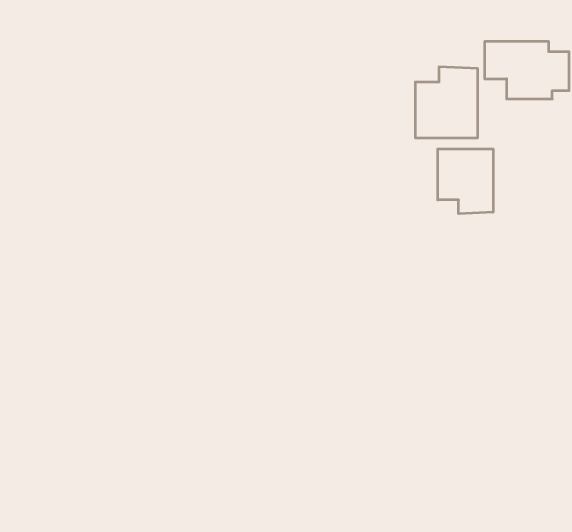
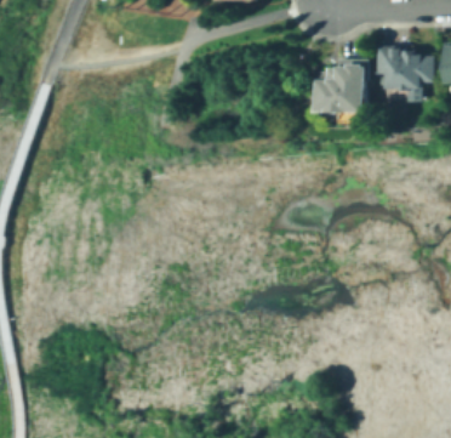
building: [438,149,493,214] -> none

